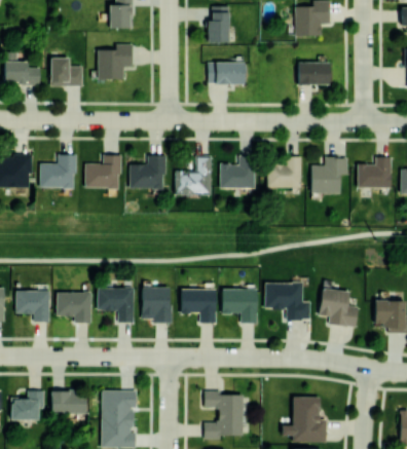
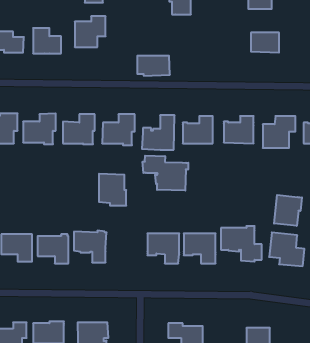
building: [209,63,246,85] -> [137,56,170,76]
building: none -> [143,156,188,191]
building: none -> [274,195,302,226]
building: [142,287,173,323] -> [99,174,126,206]

